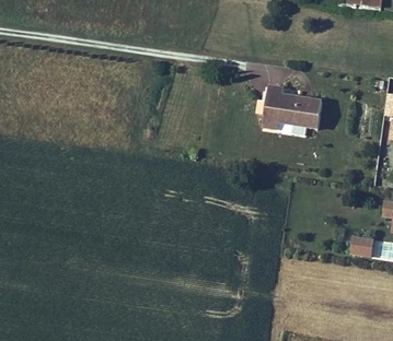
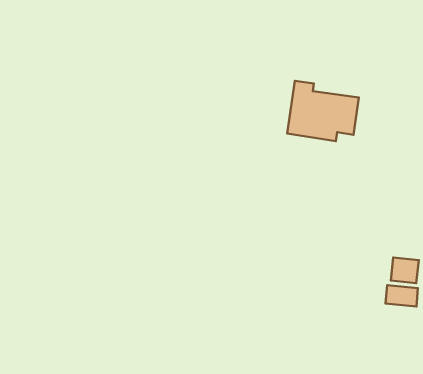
building: none -> [386,285,418,307]

